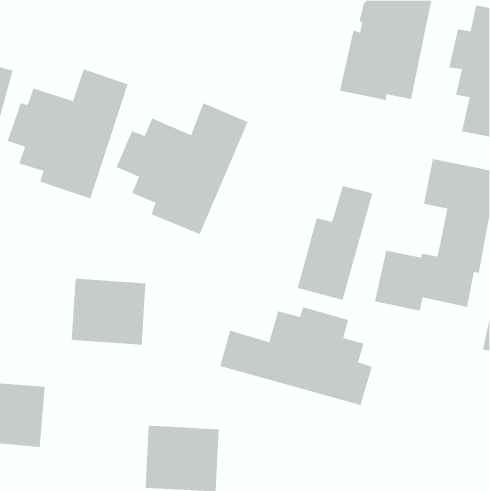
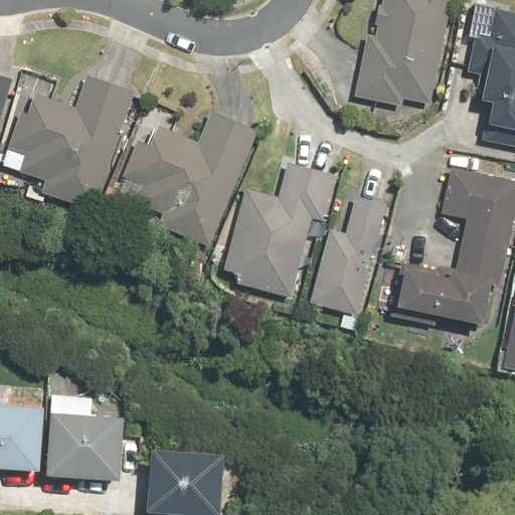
building: none -> [223,162,335,298]
building: [71,278,146,345] -> [49,408,128,478]
building: [219,306,373,406] -> none

